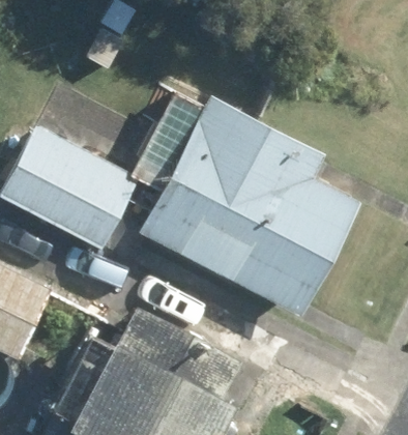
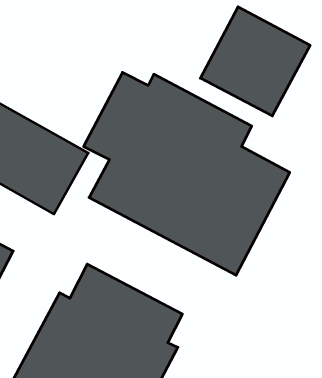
building: none -> [200,7,310,116]

